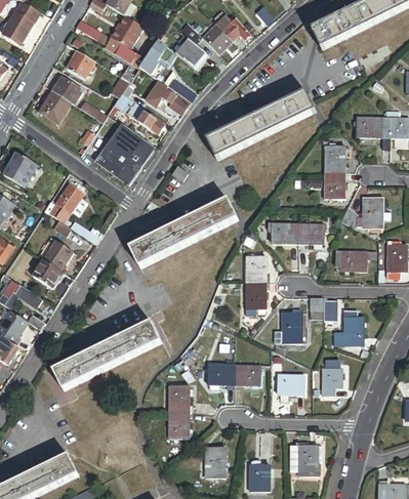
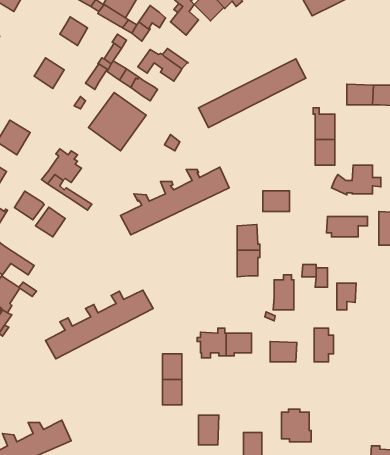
building: [53,76,84,103] -> none
building: [297,223,324,244] -> none
building: [33,258,63,287] -> [14,191,44,220]

